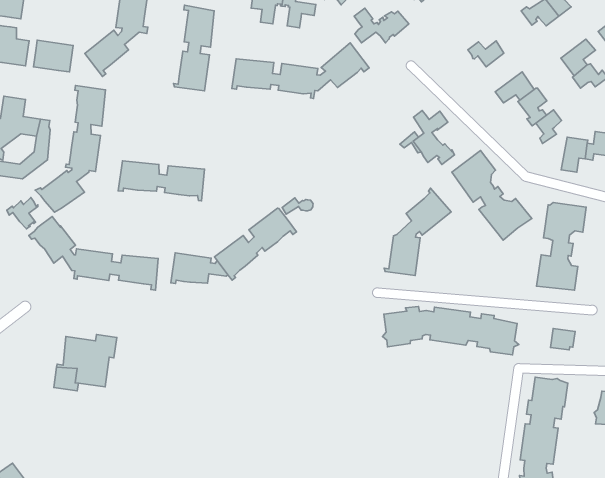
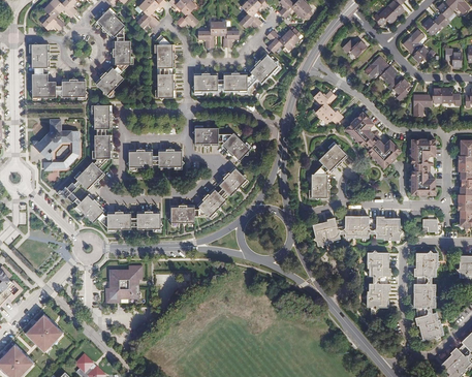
building: none -> [195,124,252,161]
building: none -> [367,251,389,310]

